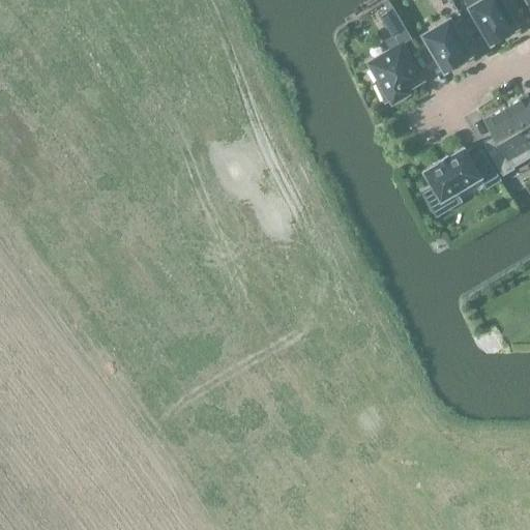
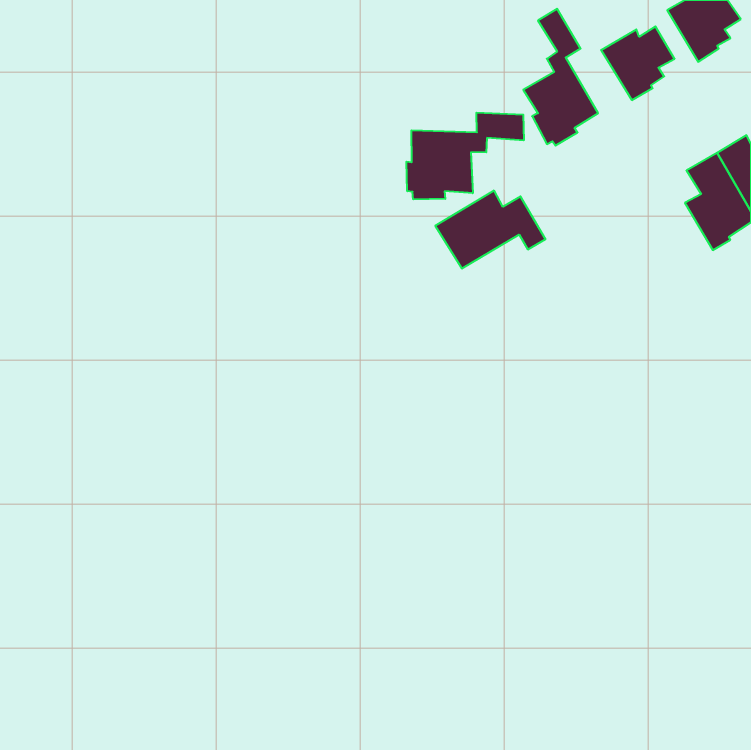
building: none -> [406,113,524,199]
building: [421,147,499,202] -> [435,191,546,268]

